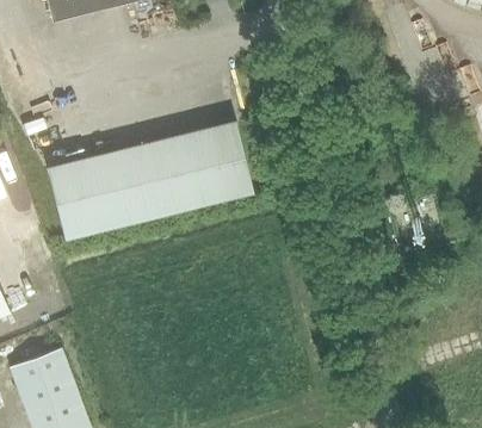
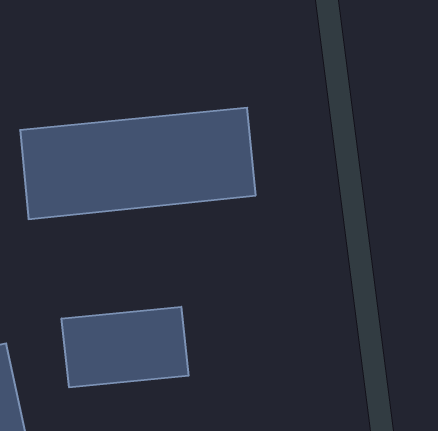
building: none -> [62,307,189,387]

